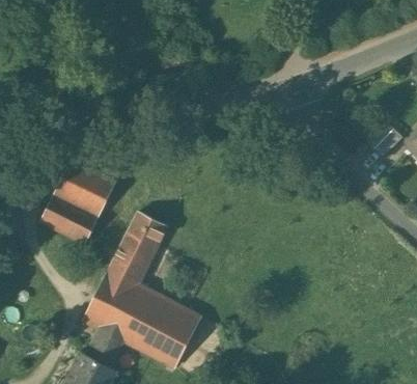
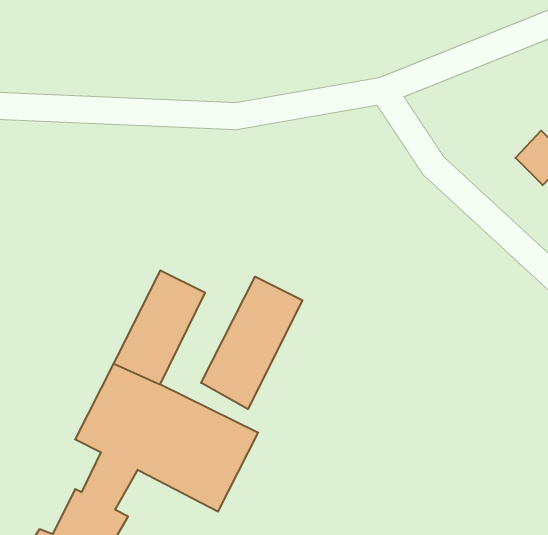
building: [40,160,114,243] -> none
building: none -> [201,277,302,409]

